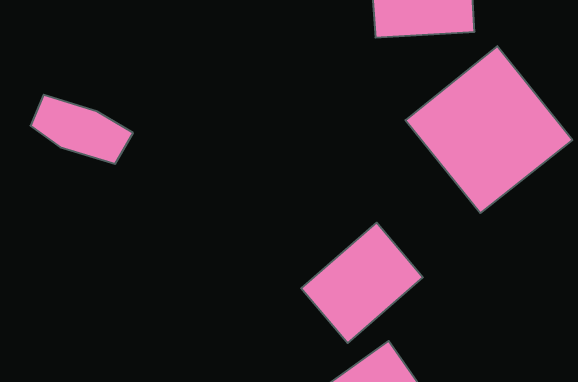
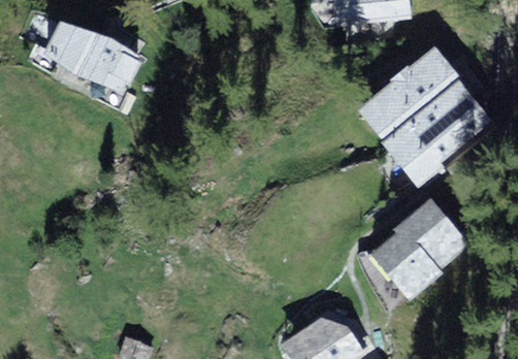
building: [30,95,133,164] -> [47,22,136,81]
building: [301,223,423,343] -> [366,205,472,309]

